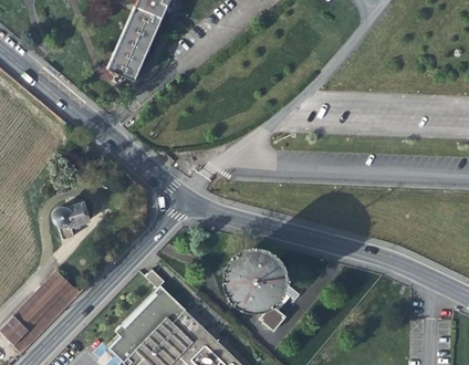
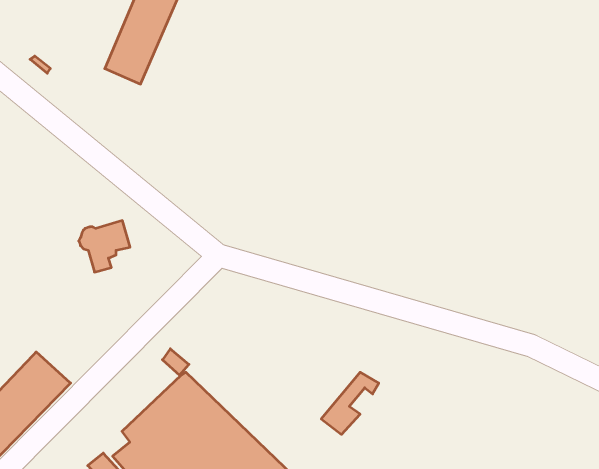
building: [52,204,88,240] -> [79,221,130,272]
building: [210,240,275,305] -> none

